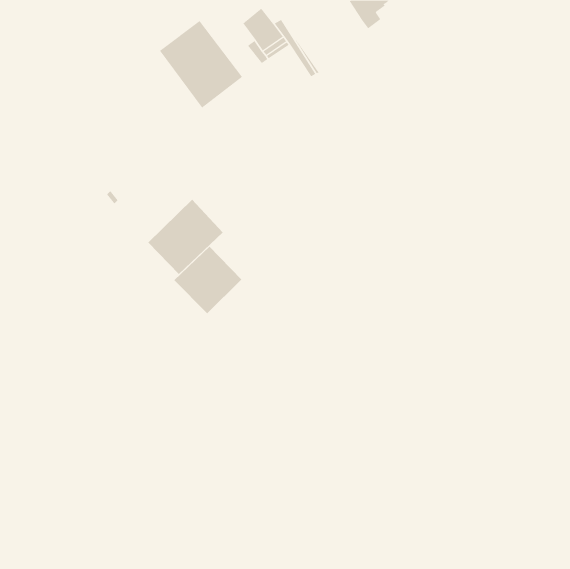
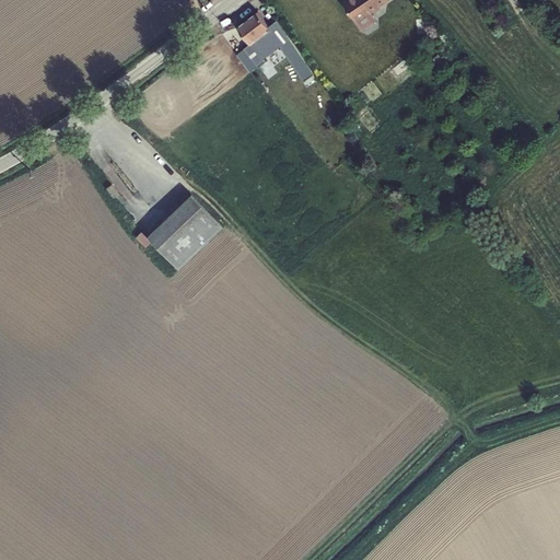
building: [159,20,243,109] -> none
building: [174,246,242,314] -> none

